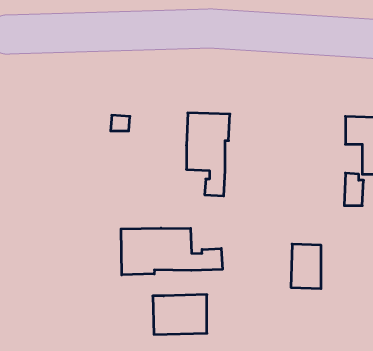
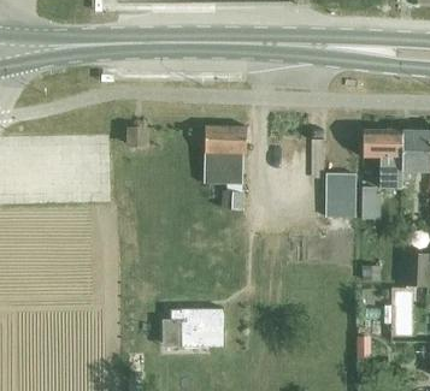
building: [121,228,222,275] -> none
building: [291,244,321,289] -> [325,173,355,218]

